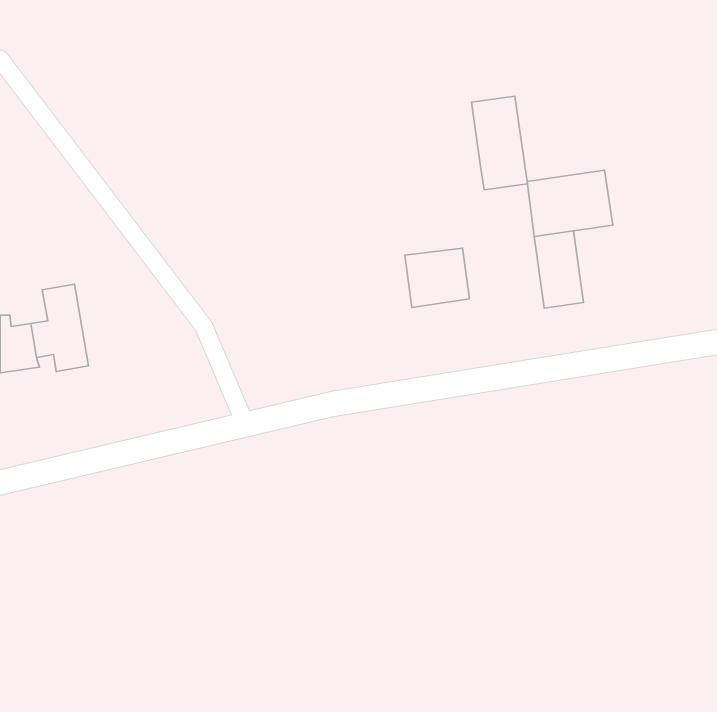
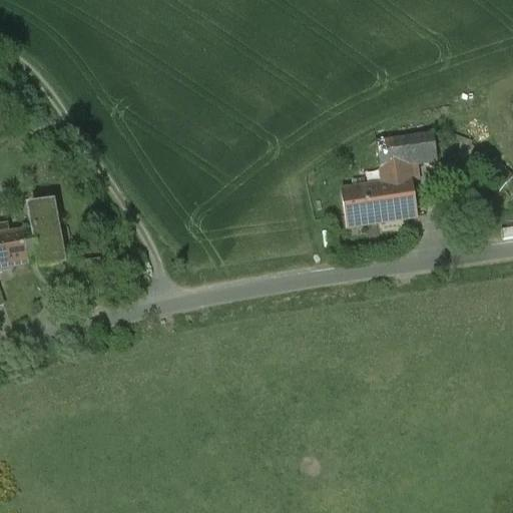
building: [471,96,527,190] -> none
building: [405,248,470,307] -> [343,183,389,225]

